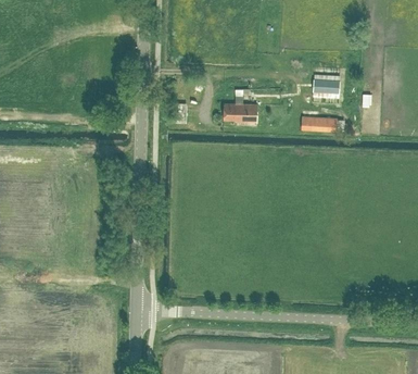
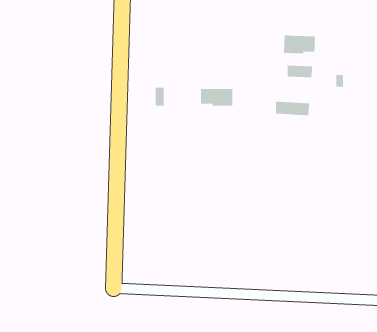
building: none -> [284,35,315,54]

